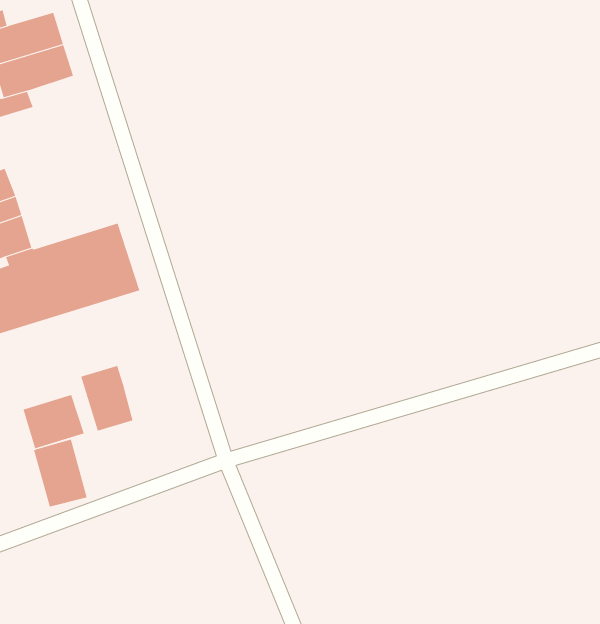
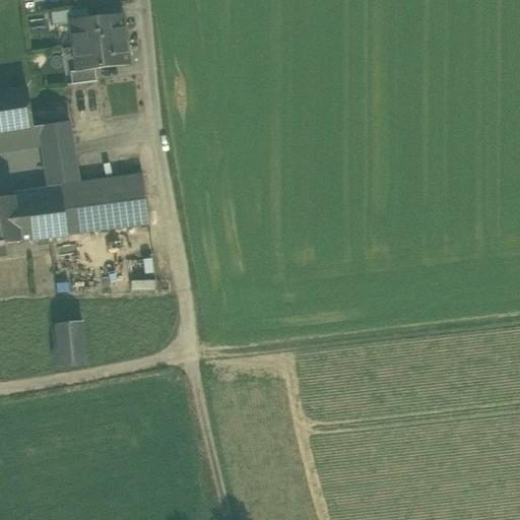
building: [80,365,133,431] -> none
building: [23,394,85,449] -> none

